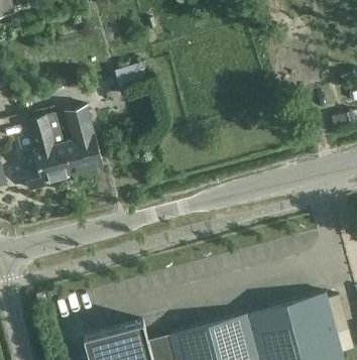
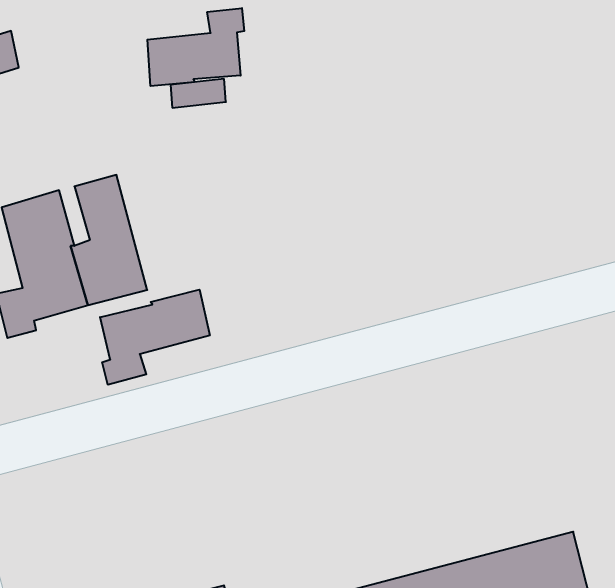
building: none -> [147,8,244,86]
building: none -> [100,290,210,385]

